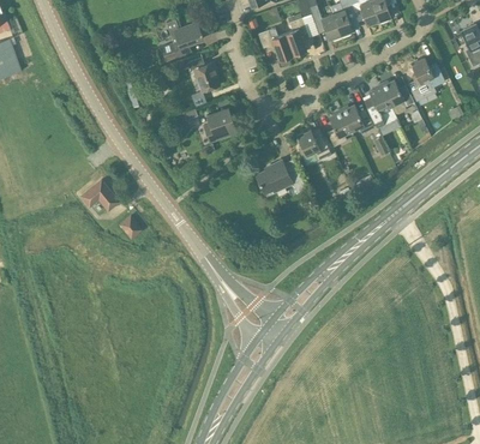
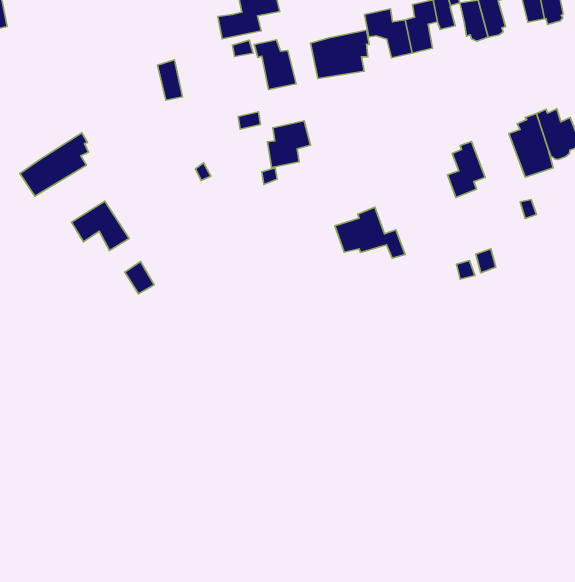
building: none -> [310,30,369,78]
building: [340,104,373,133] -> none
building: [298,130,330,161] -> none
building: none -> [20,133,88,196]

